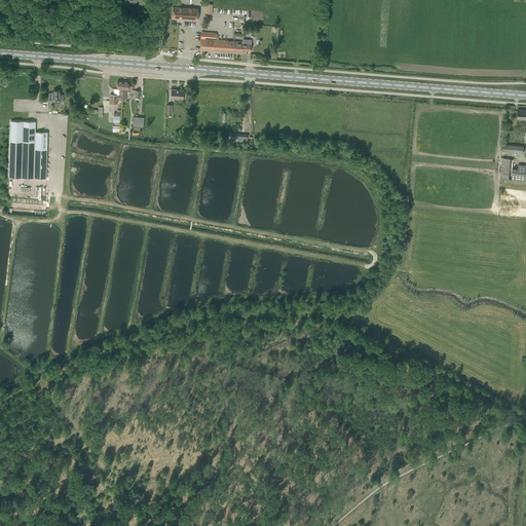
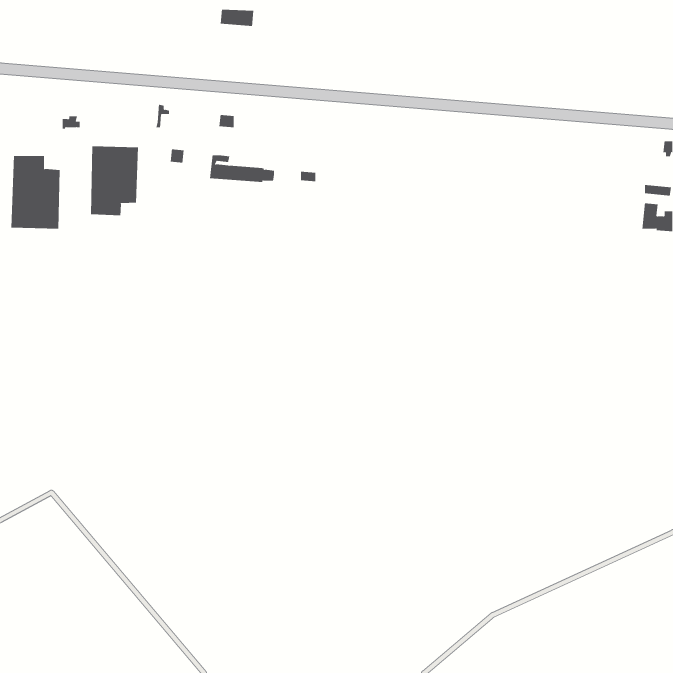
building: [199,32,251,53] -> [209,155,275,182]
building: none -> [91,146,138,216]

